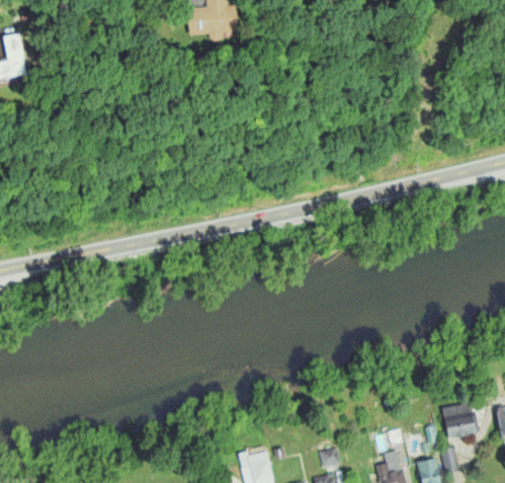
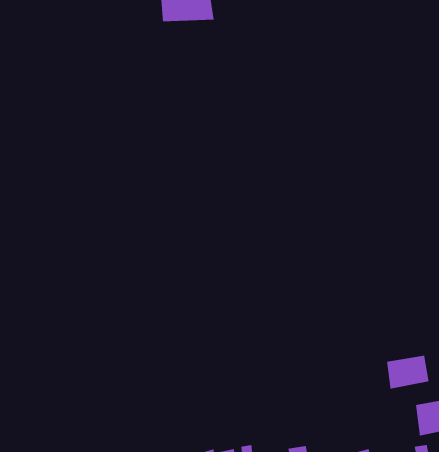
building: none -> [387,355,429,390]

